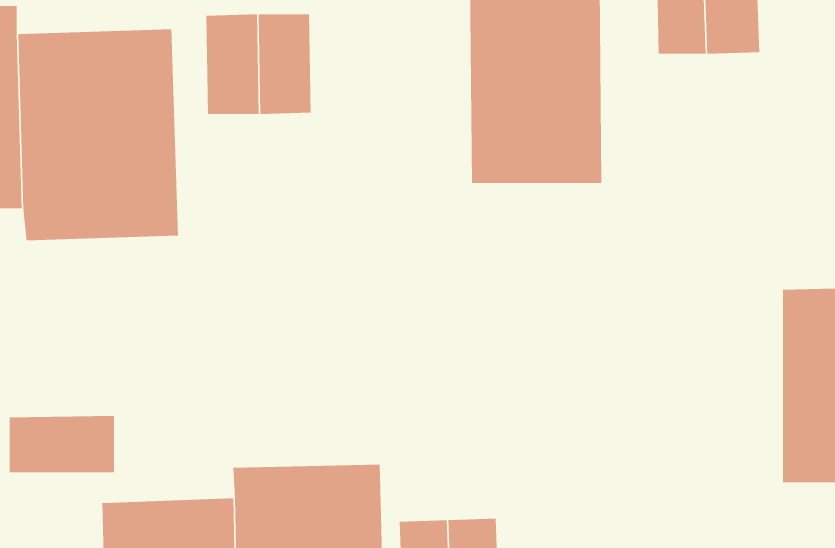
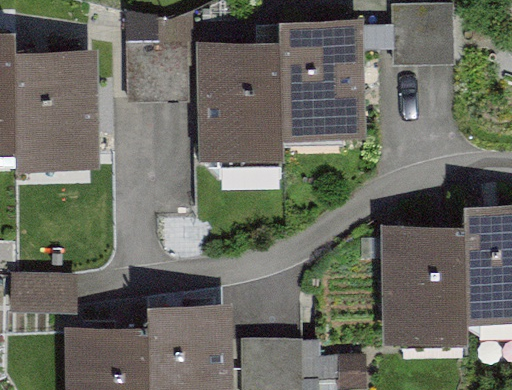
building: none -> [205,41,285,160]
building: none -> [383,229,471,346]

